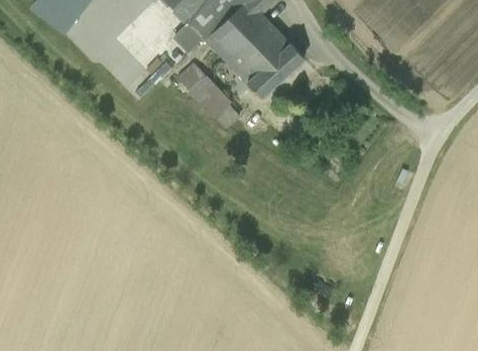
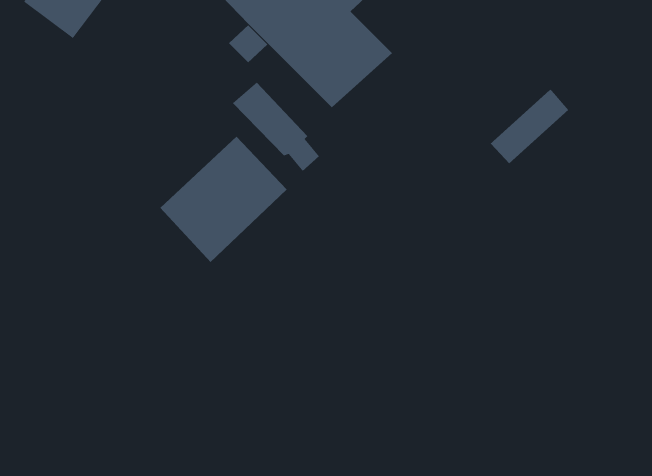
building: [247,43,304,97] -> [489,88,569,164]
building: none -> [160,136,287,263]

